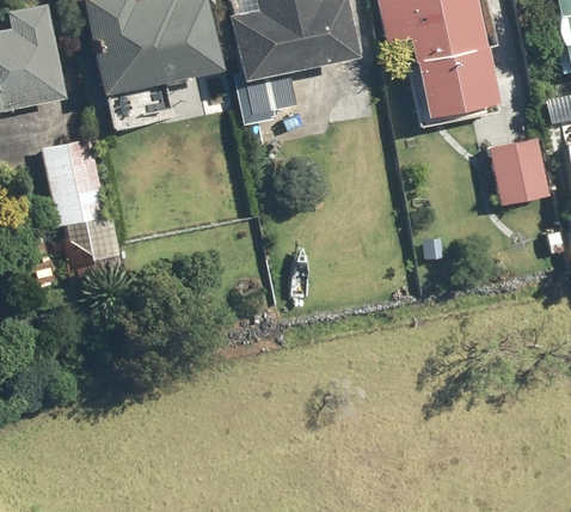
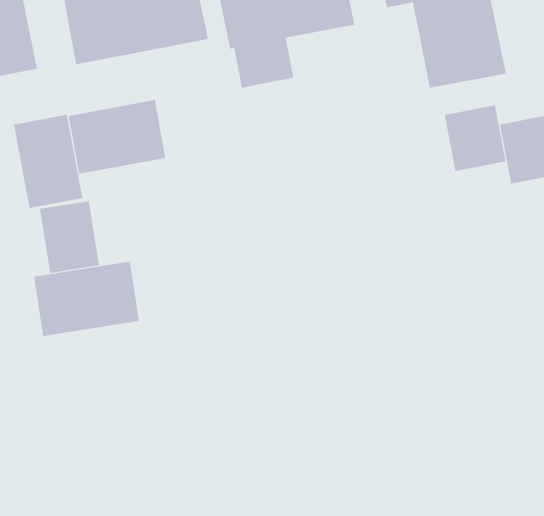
building: none -> [68,99,166,175]
building: none -> [444,105,506,172]
building: none -> [33,261,140,337]

